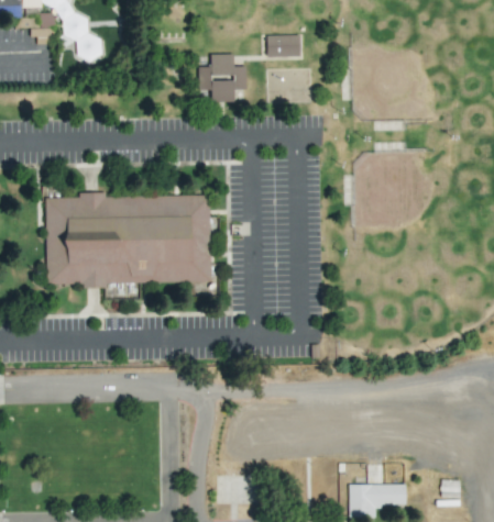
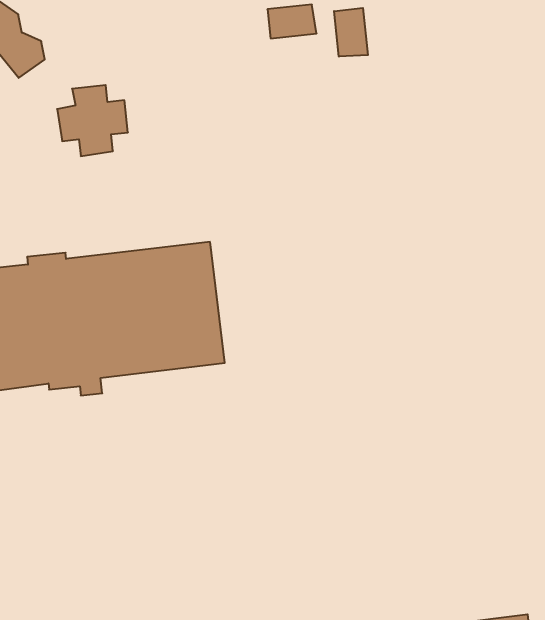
building: none -> [334,8,368,57]
building: [199,53,248,101] -> [57,85,128,156]

